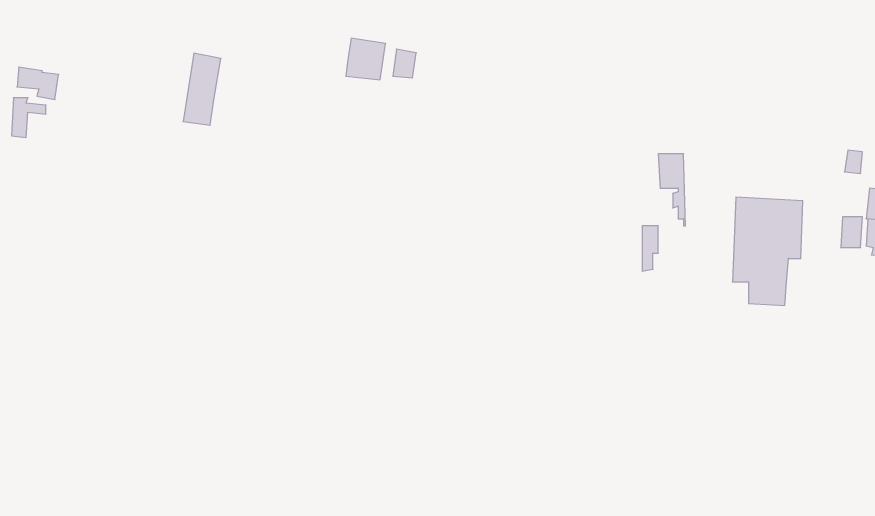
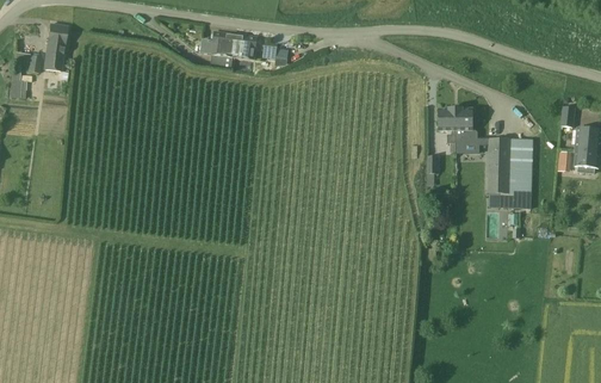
building: none -> [211,30,235,57]
building: [183,53,221,125] -> [43,23,68,70]
building: none -> [454,109,472,156]

